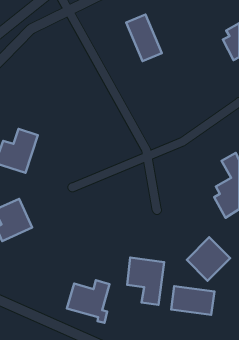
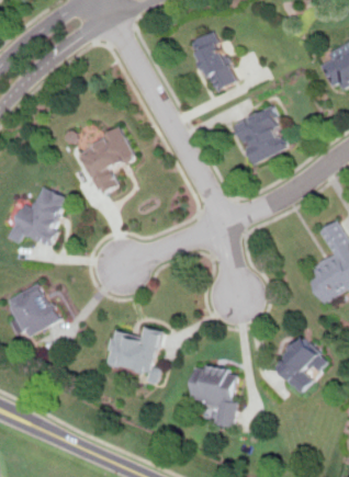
building: none -> [234,105,292,164]
building: none -> [78,126,137,196]
building: [67,280,109,323] -> [105,325,164,383]
building: [171,286,214,315] -> none

